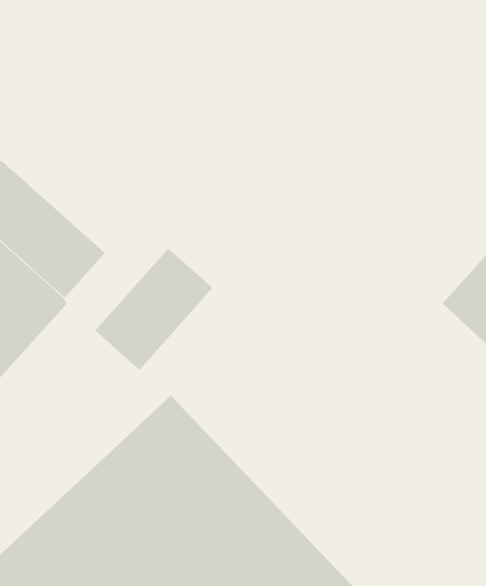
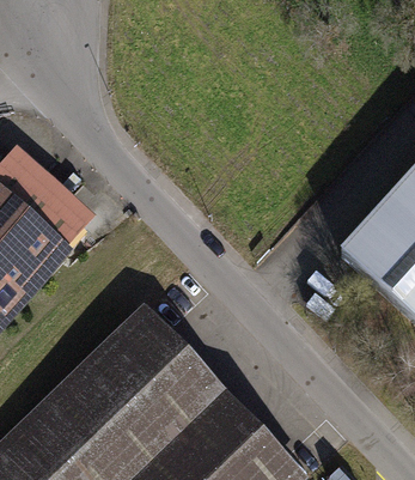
building: [94,248,213,371] -> none

